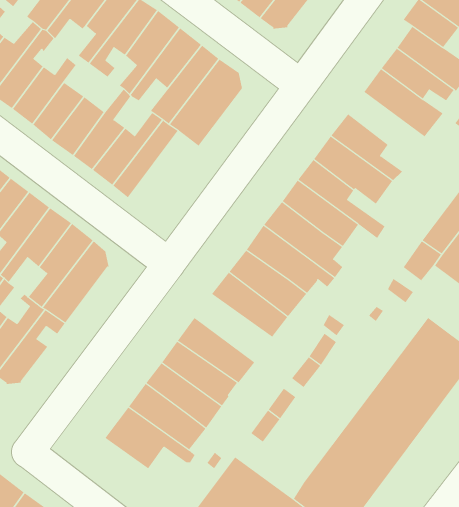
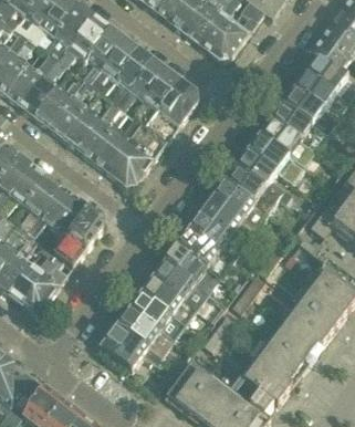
building: none -> [271,102,326,147]
building: none -> [116,129,166,184]
building: none -> [163,244,218,293]

